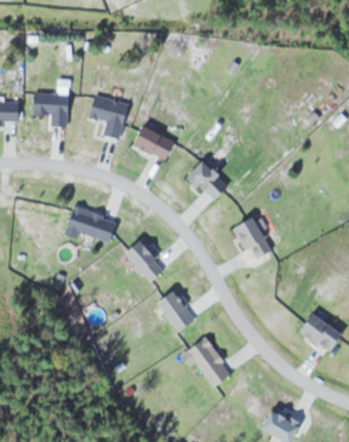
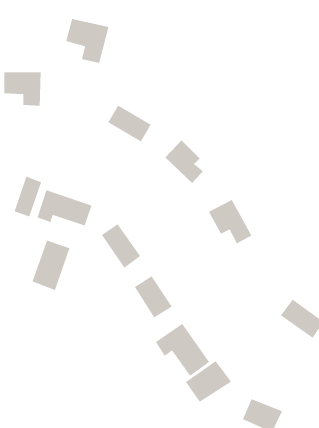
building: [85,95,129,139] -> [65,18,109,64]
building: none -> [13,175,42,217]
building: none -> [31,240,70,291]
building: none -> [185,360,232,403]

